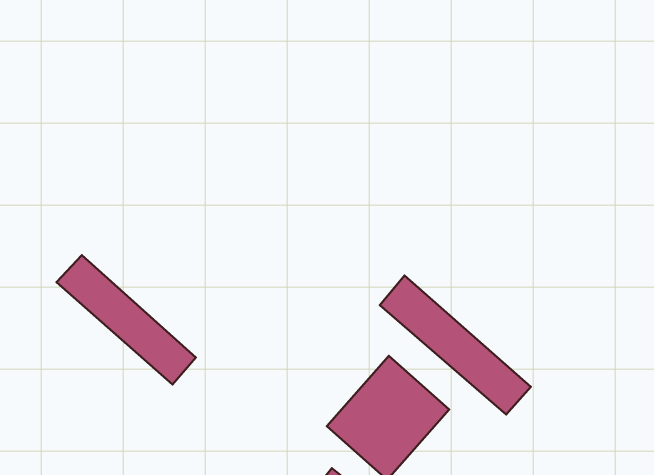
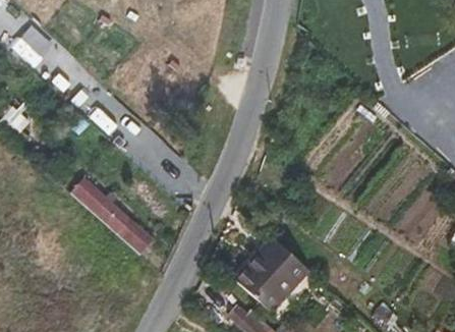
building: [380,276,531,415] -> none

